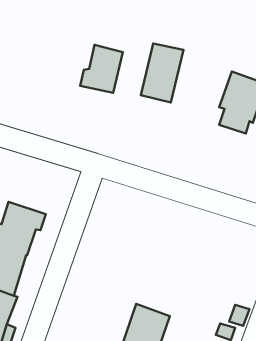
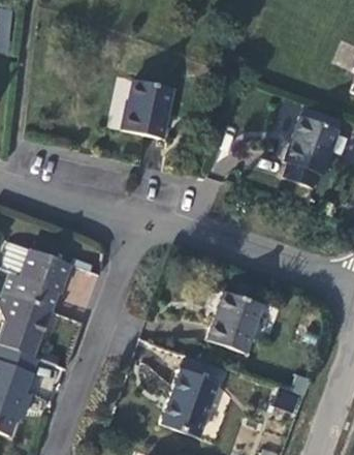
building: [141,43,183,102] -> none
building: none -> [207,293,262,354]

